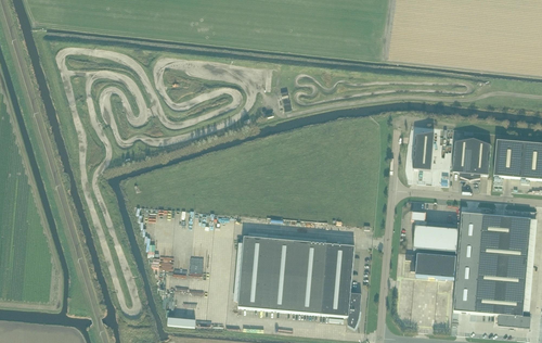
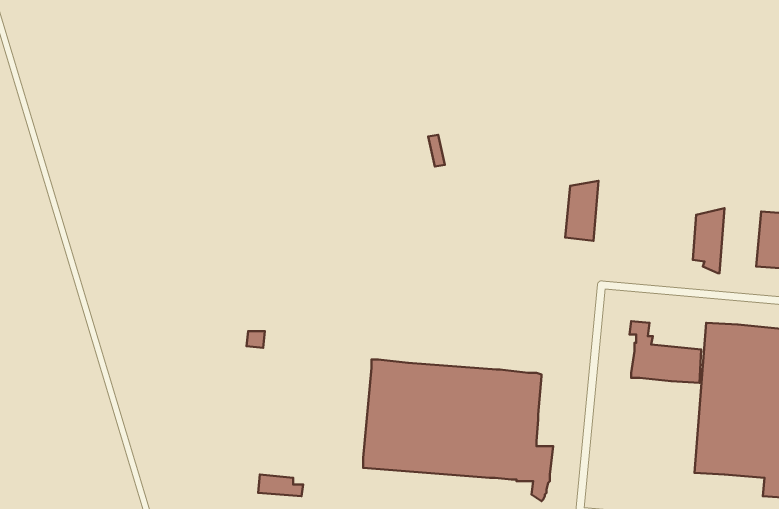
building: [412,130,434,169] -> [565,181,599,241]
building: [469,137,490,179] -> none
building: [404,252,455,278] -> none

